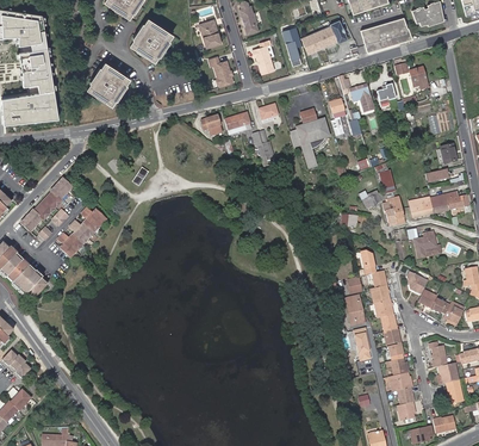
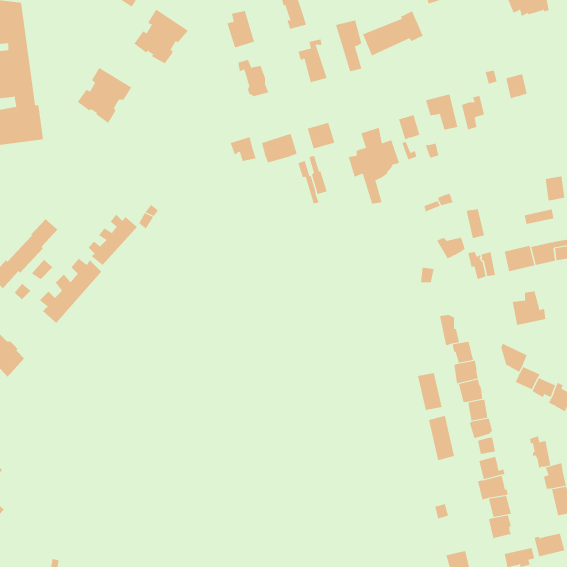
building: [360,18,410,54] -> none
building: none -> [88,214,138,266]

